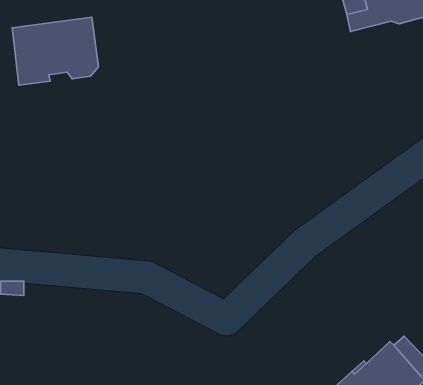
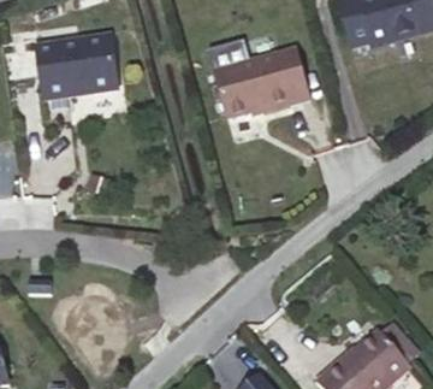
building: none -> [204,52,298,120]

